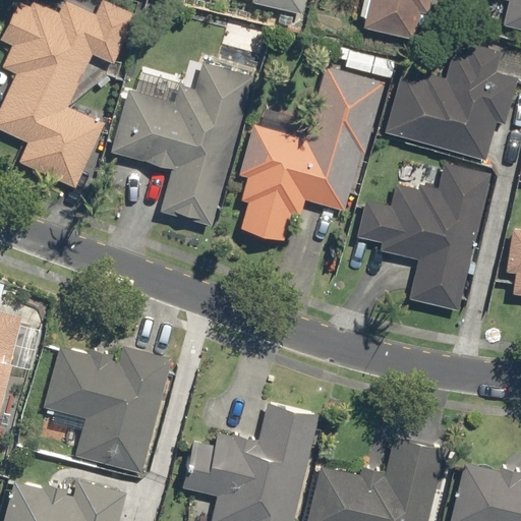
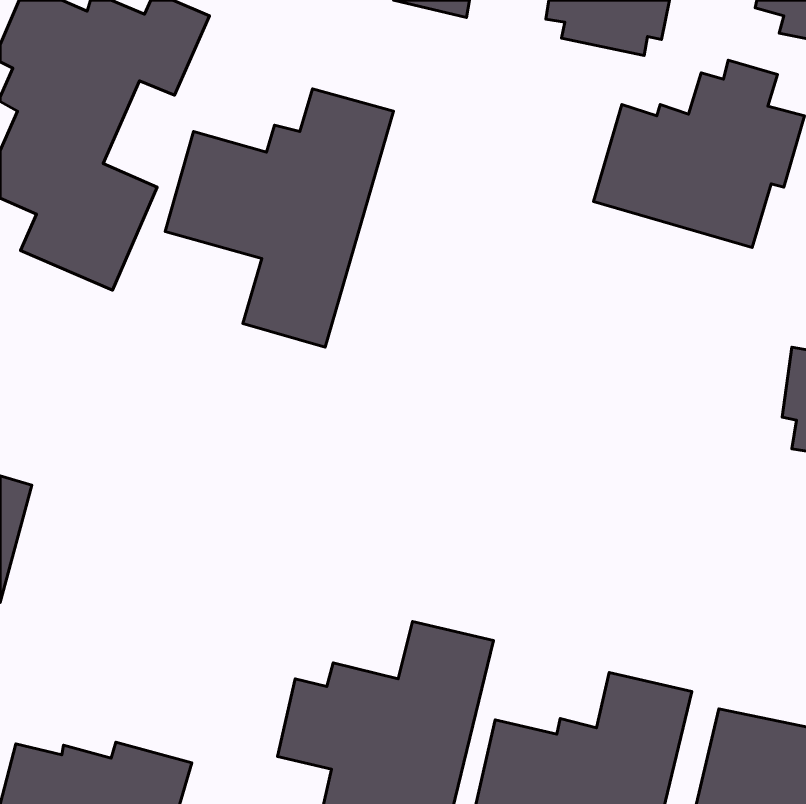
building: [238,65,386,241] -> none
building: [357,162,491,311] -> none
building: [44,343,173,474] -> none

